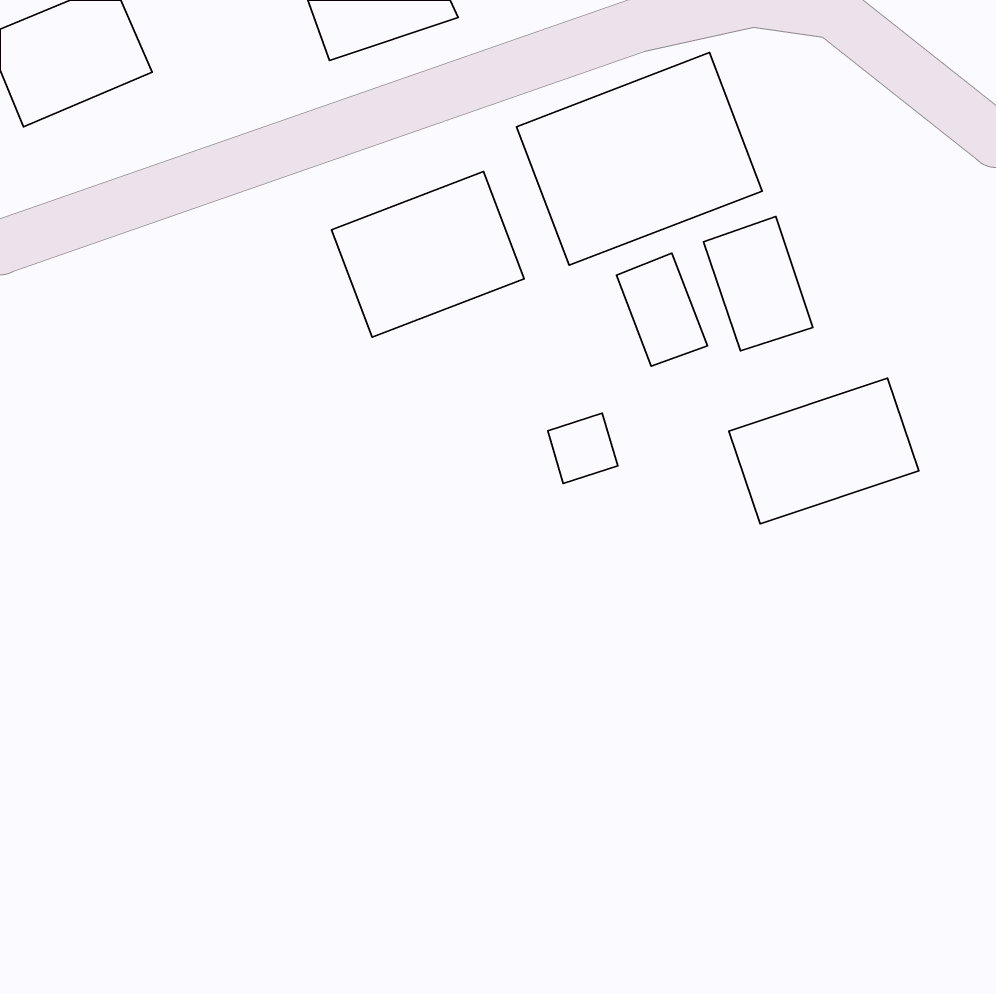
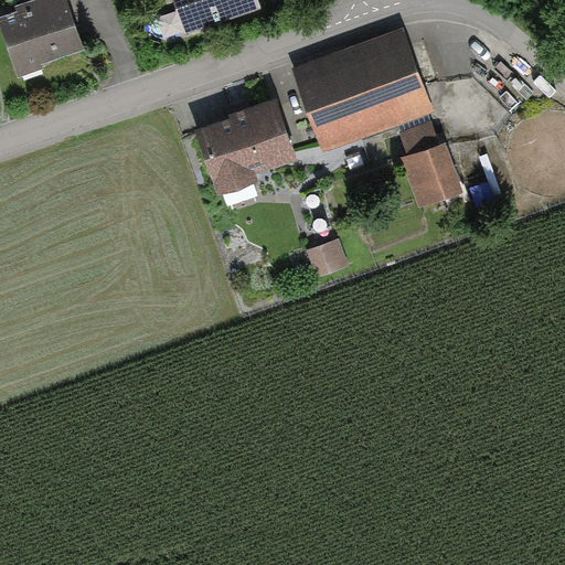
building: [617,253,707,366] -> none
building: [729,378,919,524] -> none

